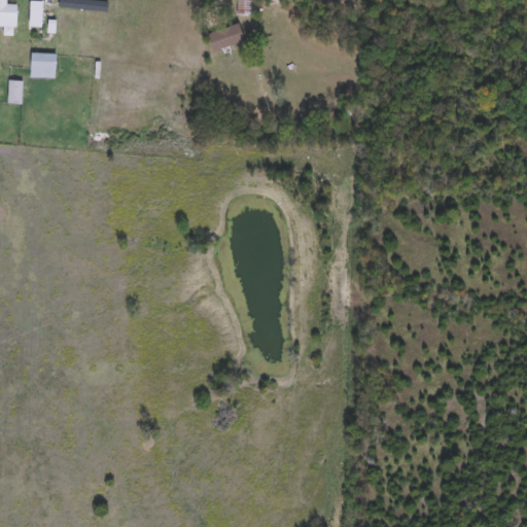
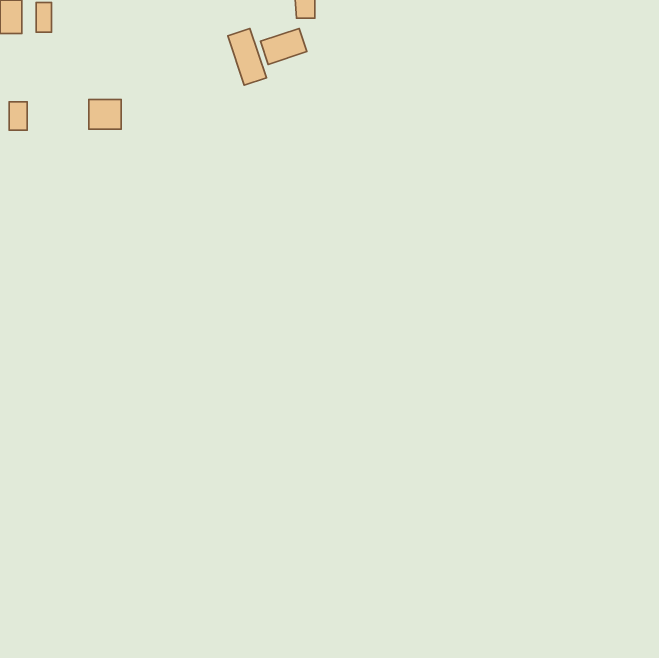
building: none -> [228,28,266,85]
building: [30,54,56,77] -> [89,100,121,129]

